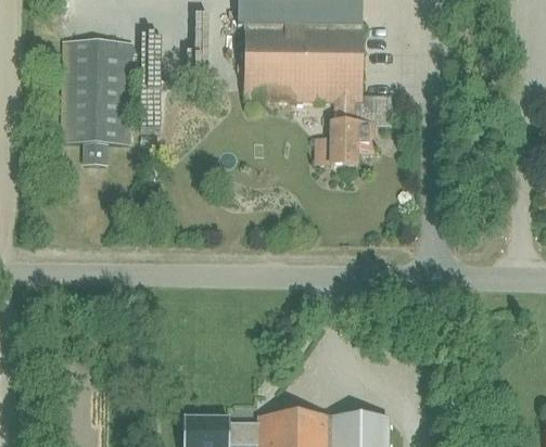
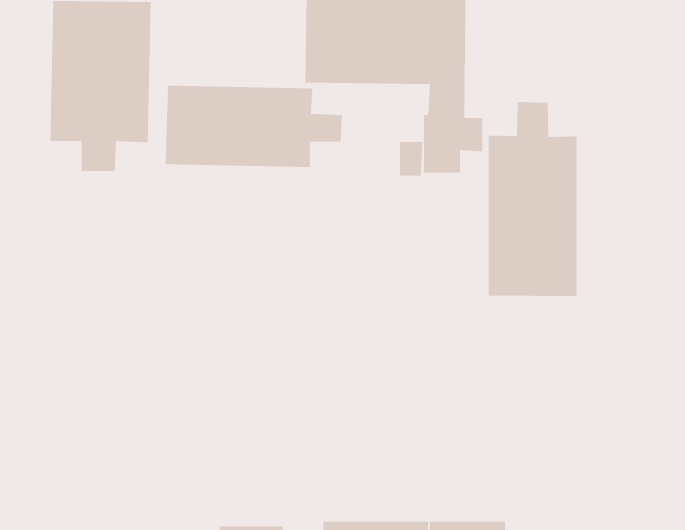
building: none -> [165,85,342,168]
building: none -> [488,101,577,297]

